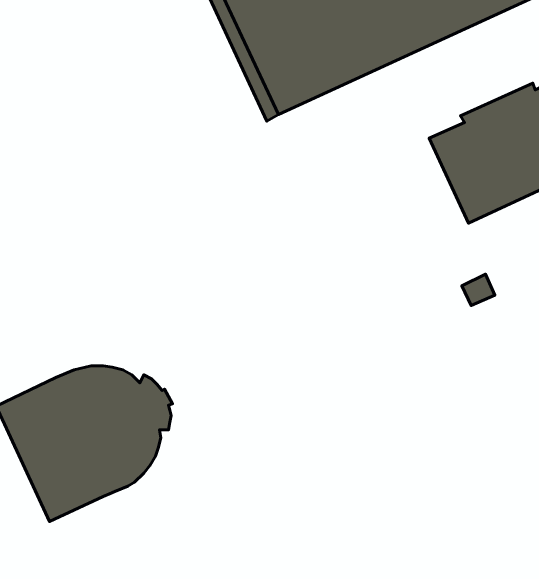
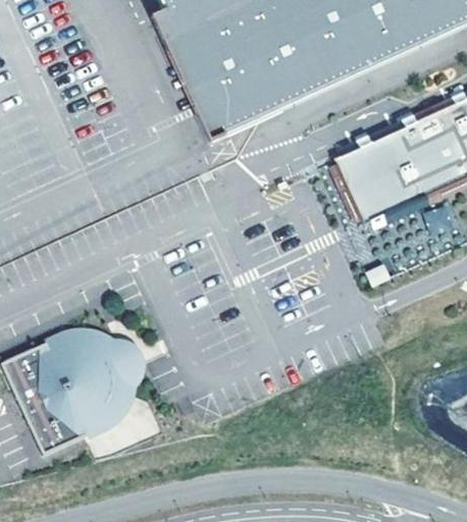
building: none -> [45,326,145,439]

